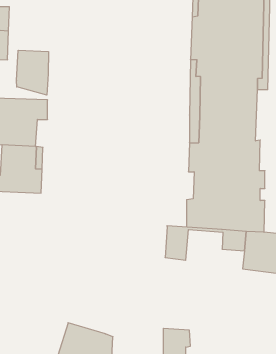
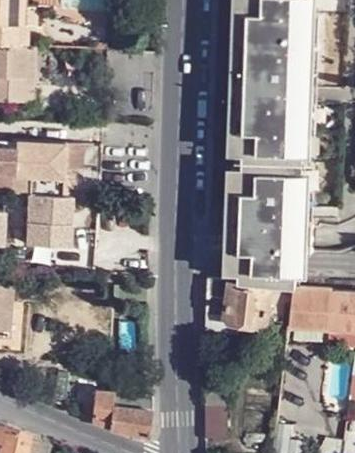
building: [17,50,48,95] -> none
building: none -> [226,285,266,328]

